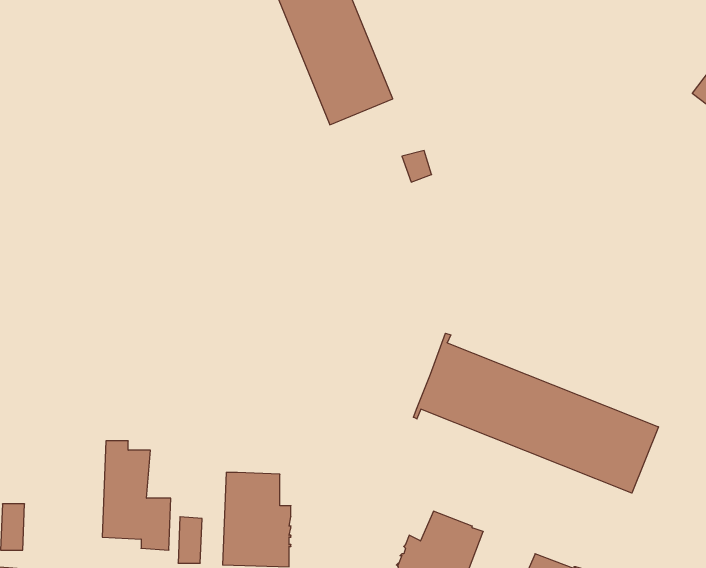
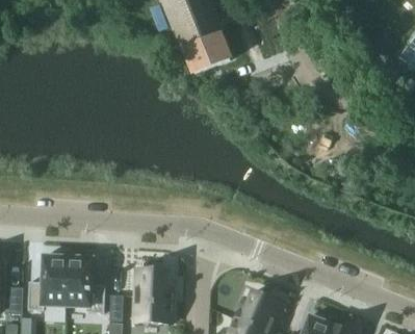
building: [413,333,658,493] -> none
building: none -> [28,250,69,309]

